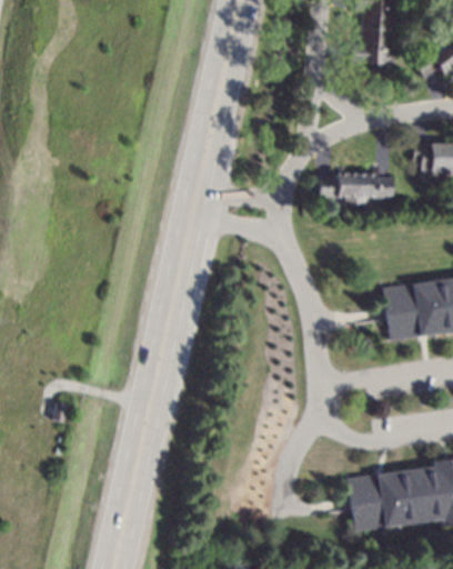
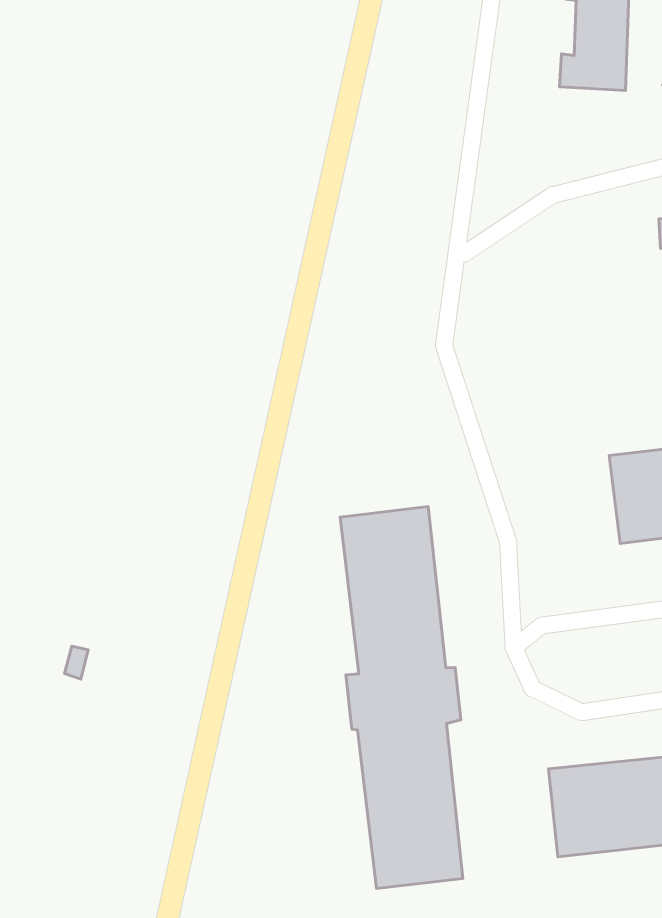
building: [322,172,396,209] -> none
building: none -> [340,507,463,889]

